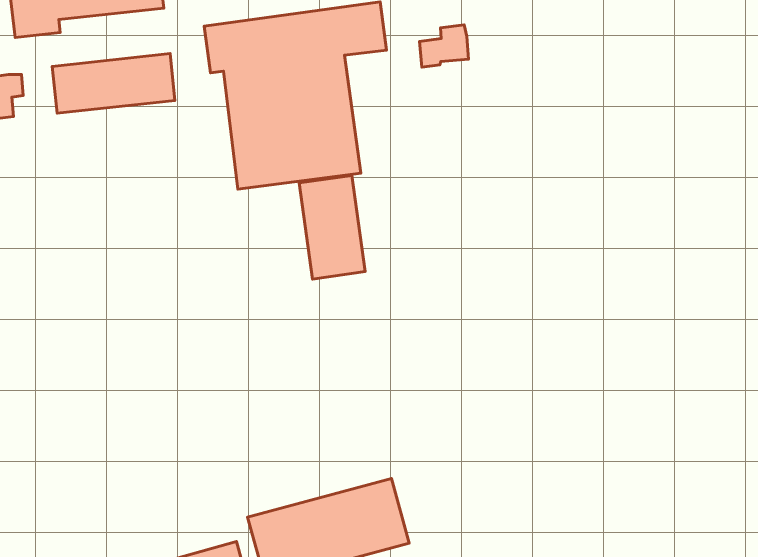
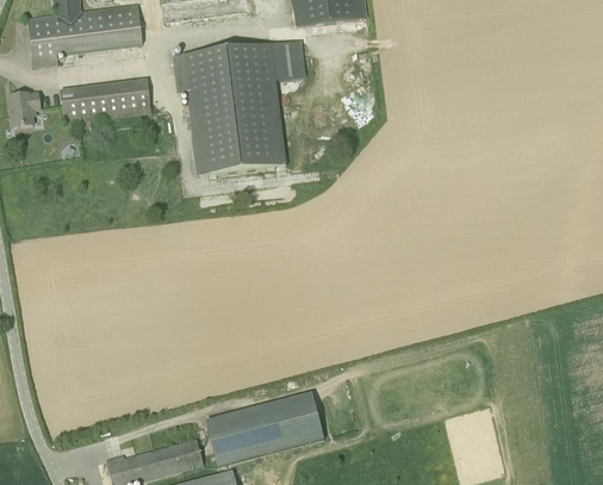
building: [419,25,468,67] -> none
building: [299,175,365,279] -> none

